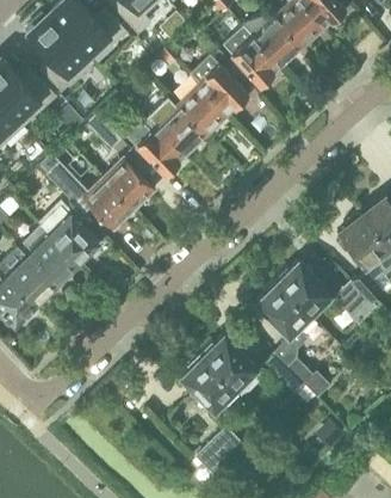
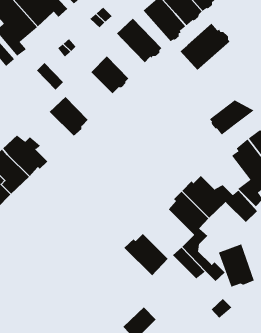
building: none -> [179,23,231,71]
building: [176,85,225,135] -> none
building: [128,118,184,177] -> none
building: none -> [209,100,255,136]
building: [45,166,134,229] -> none
building: none -> [218,243,254,287]
building: [180,355,235,412] -> none

